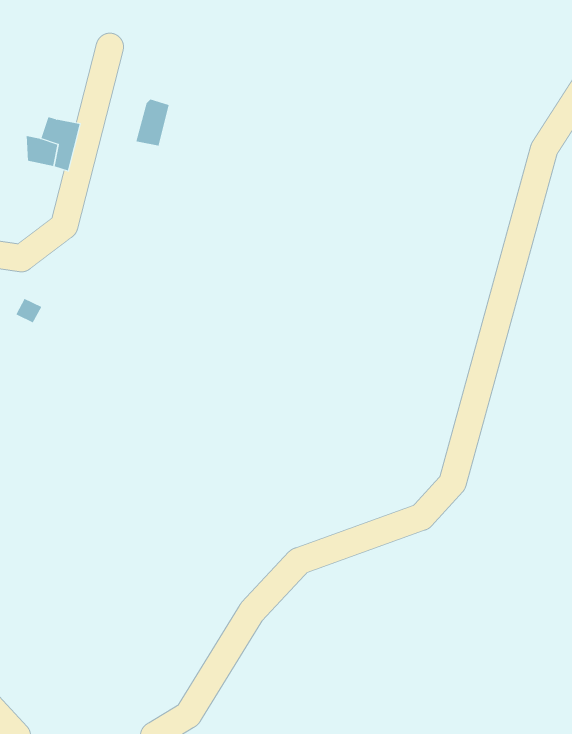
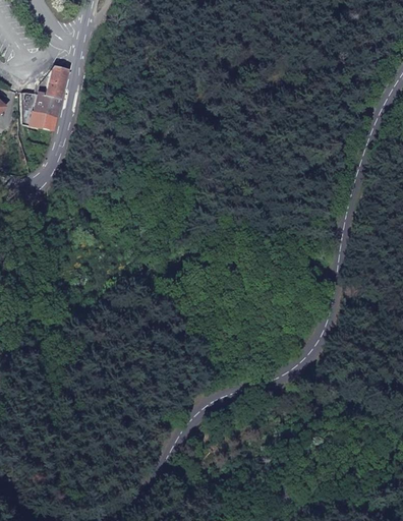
building: [135,99,169,146] -> [44,65,67,98]

